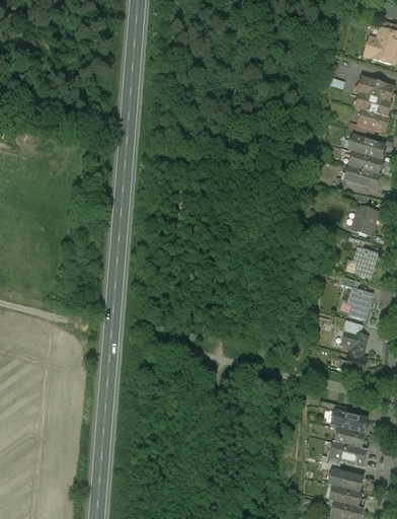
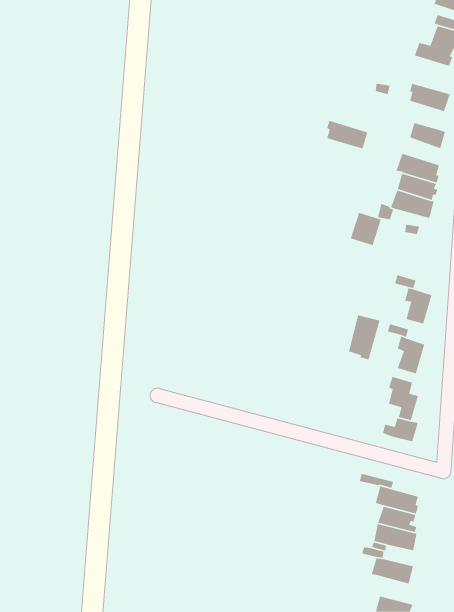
building: [356,93,391,118] -> [326,120,368,149]
building: [350,206,377,234] -> [350,212,382,246]
building: none -> [348,314,381,361]
building: [328,486,362,509] -> none

